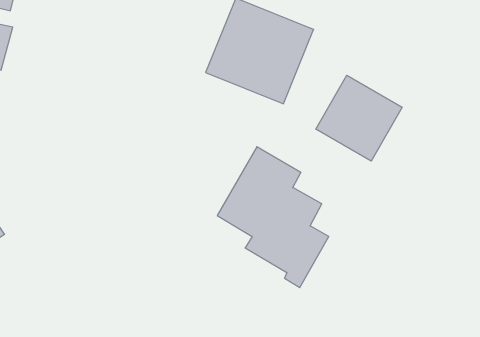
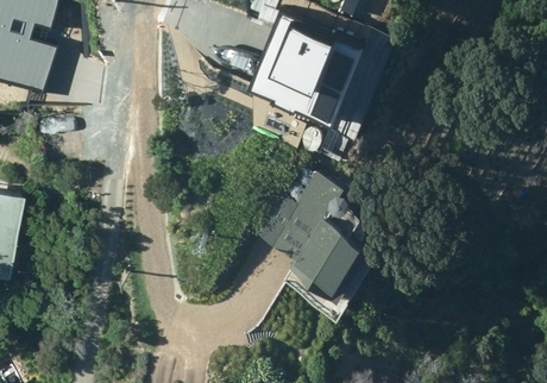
building: [316,75,402,161] -> none

